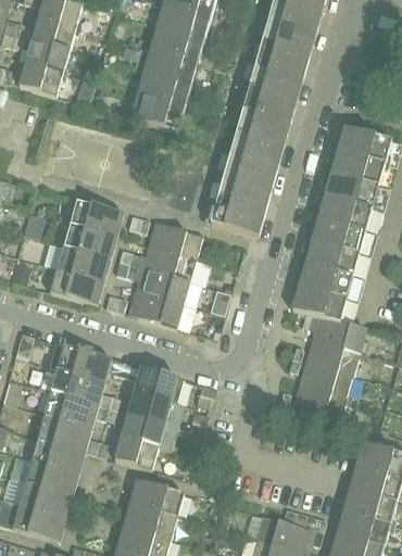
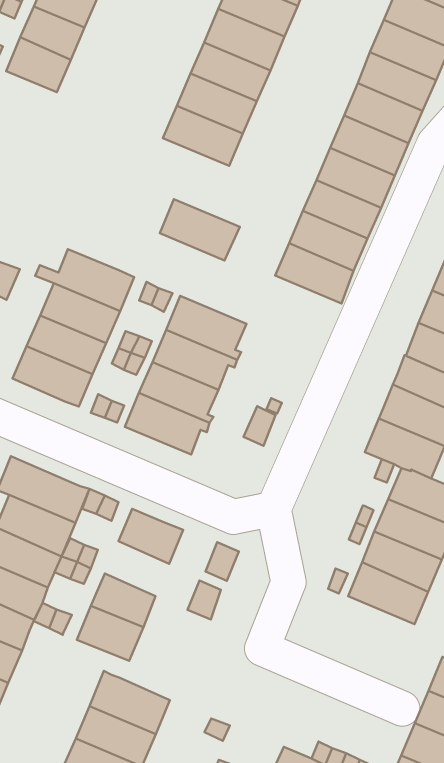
building: [211,199,264,236] -> [160,199,240,261]
building: [128,390,171,424] -> none

